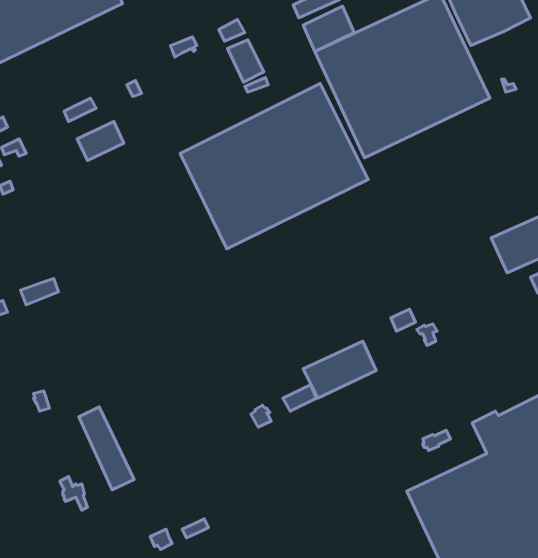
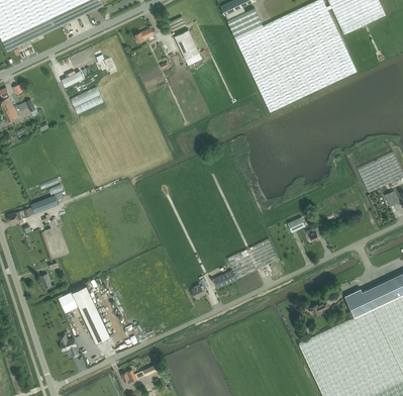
building: [180,84,368,249] -> none

